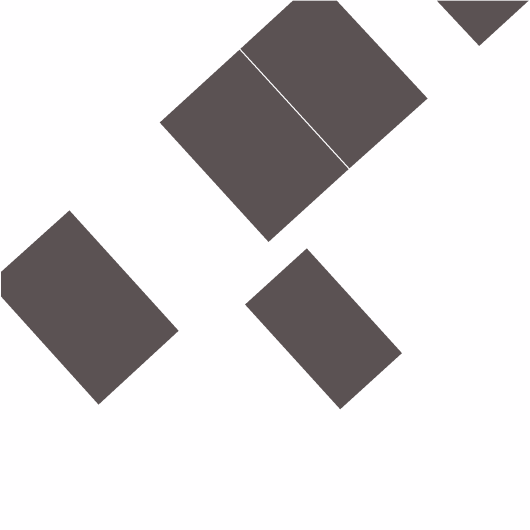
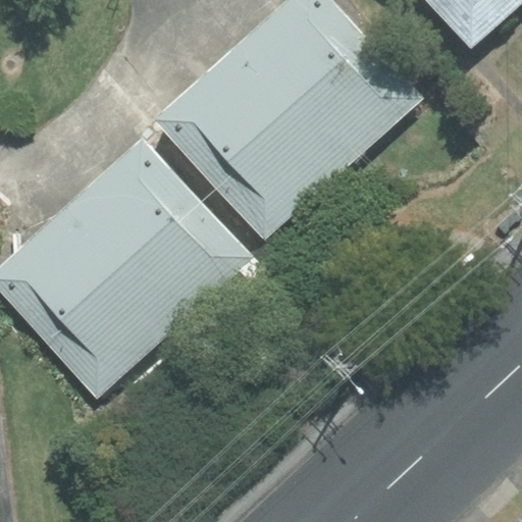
building: none -> [68,139,252,325]
building: [244,247,403,410] -> none

